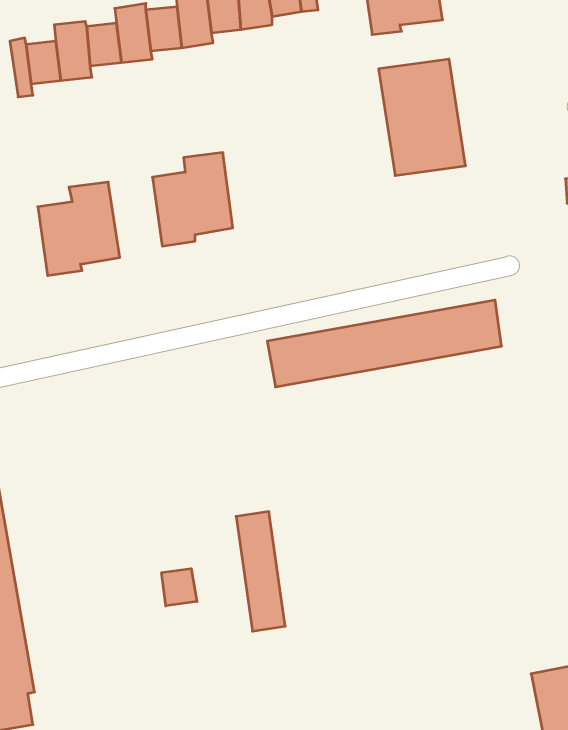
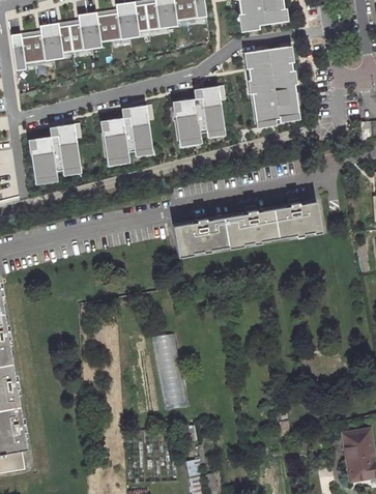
building: none -> [173,86,225,145]
building: [162,569,197,606] -> none

